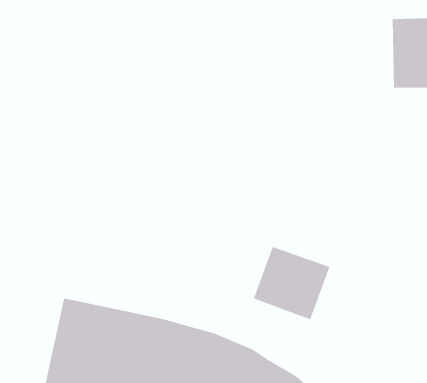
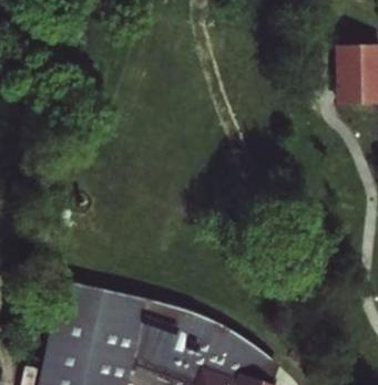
building: [253,246,330,320] -> none

